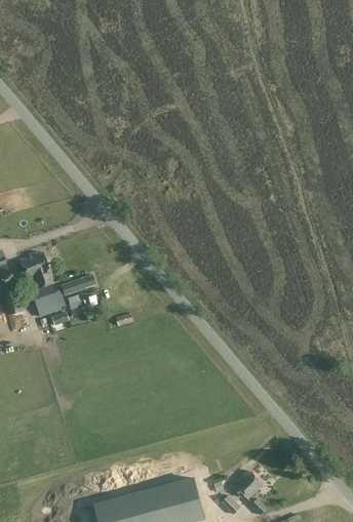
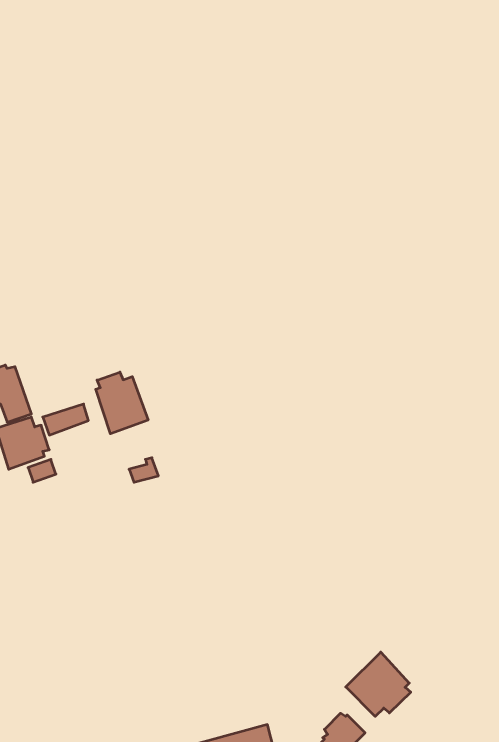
building: none -> [96,372,148,434]
building: none -> [346,652,411,716]

